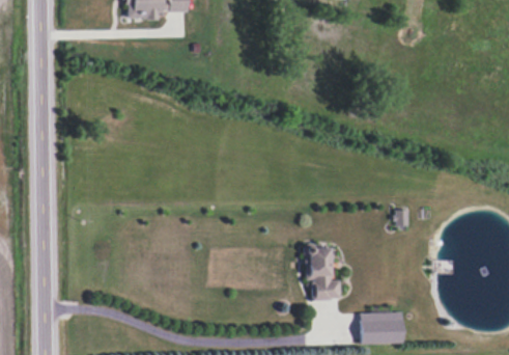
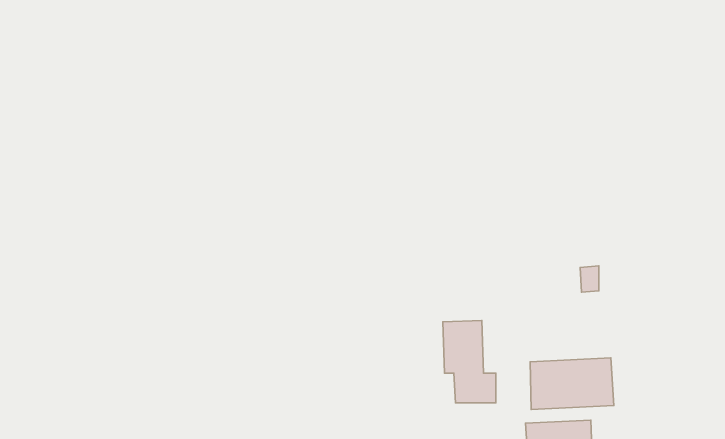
building: none -> [530,358,614,410]

